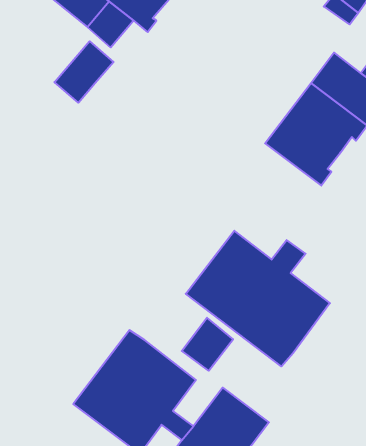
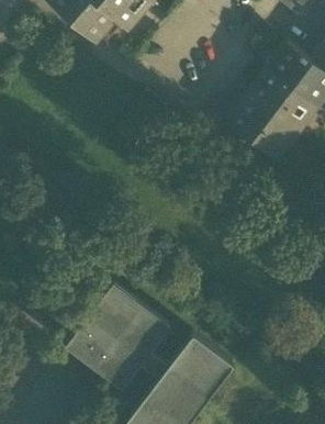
building: [54,41,114,103] -> none
building: [186,231,330,366] -> none
building: [182,318,233,371] -> none

